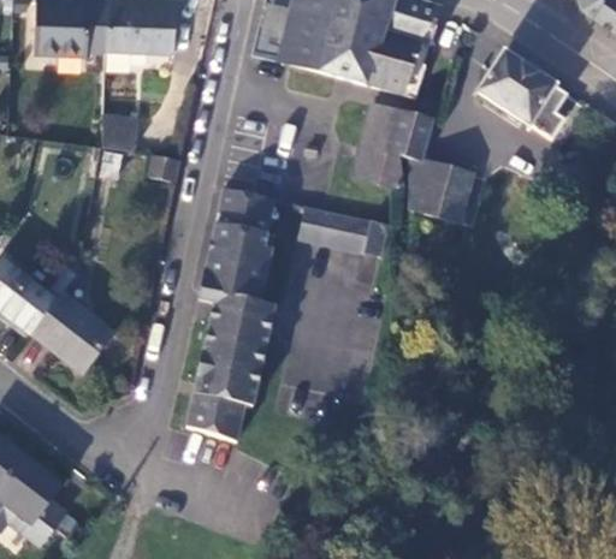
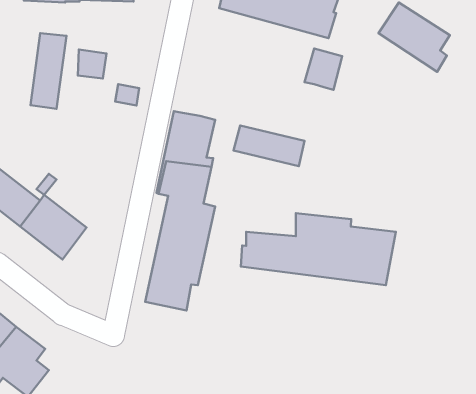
building: none -> [31,33,66,109]
building: [353,103,402,189] -> none
building: [410,159,472,221] -> none
building: none -> [241,213,396,285]

